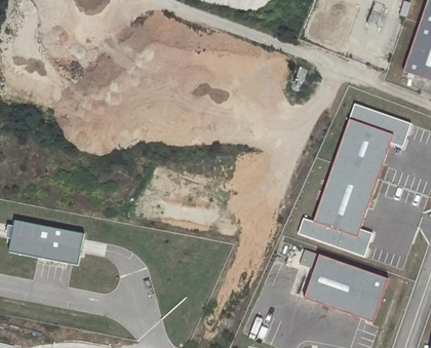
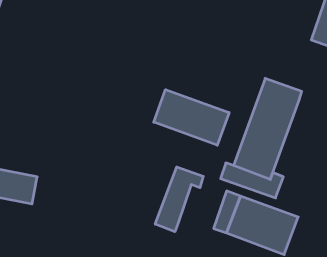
building: [350,102,410,146] -> none
building: none -> [154,90,229,145]
building: none -> [155,167,203,232]

